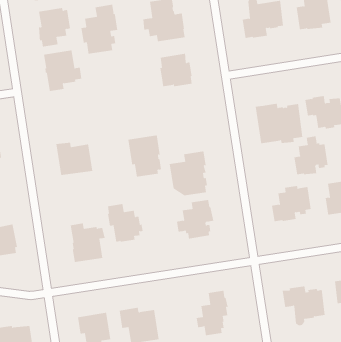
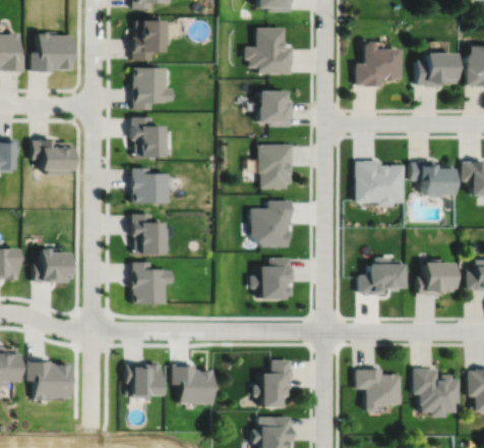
building: [81,4,118,55] -> none
building: none -> [131,117,167,159]
building: [127,135,162,177] -> [259,146,293,188]
building: [294,136,328,175] -> none
building: [107,204,143,242] -> [131,215,168,257]

